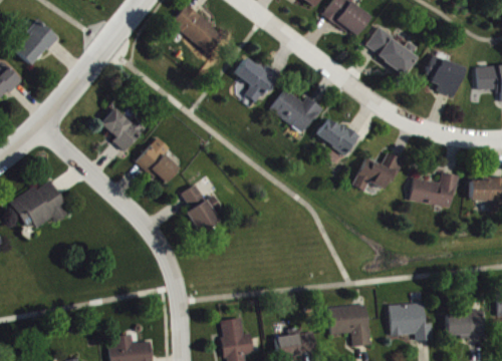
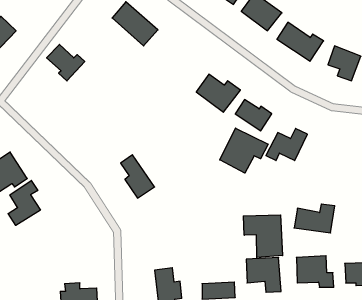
building: [234,57,278,102] -> none
building: [99,107,145,150] -> [47,44,85,81]
building: [138,137,179,184] -> none
building: none -> [220,128,268,173]
building: [410,172,458,207] -> [294,204,335,233]
building: none -> [8,180,40,225]
building: none -> [243,215,283,258]

